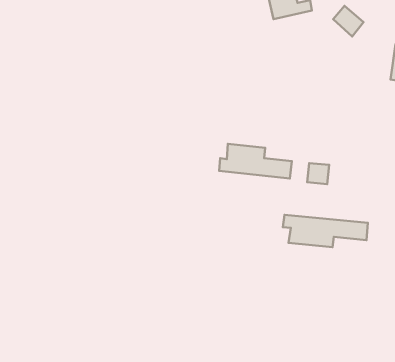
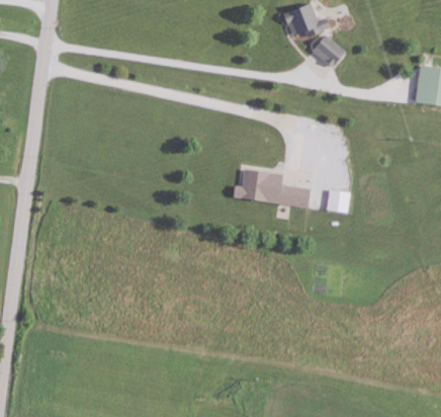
building: [333,6,364,36] -> [313,34,345,67]
building: [283,215,368,247] -> none

